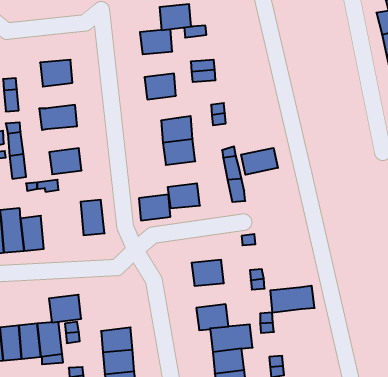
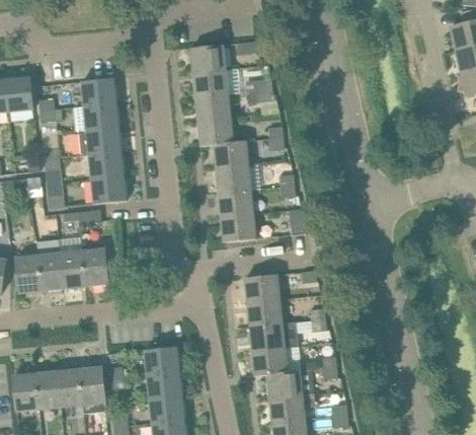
building: [160,4,191,30] -> [193,69,228,97]
building: none -> [84,103,120,132]
building: none -> [199,118,233,146]
building: none -> [89,151,124,179]
building: [241,148,278,175] -> none
building: [139,195,170,220] -> [219,190,253,218]
building: [81,200,105,235] -> [82,247,108,286]
building: none -> [245,274,280,301]
building: [270,286,315,313] -> [250,321,299,351]
building: [49,295,81,322] -> [145,346,180,376]

